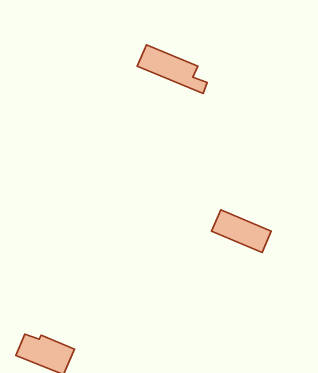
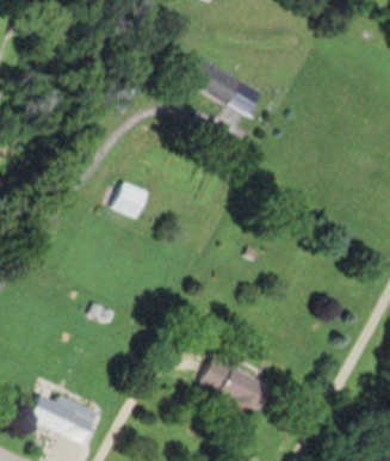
building: none -> [112,182,149,220]
building: [212,210,271,252] -> [202,359,272,410]

